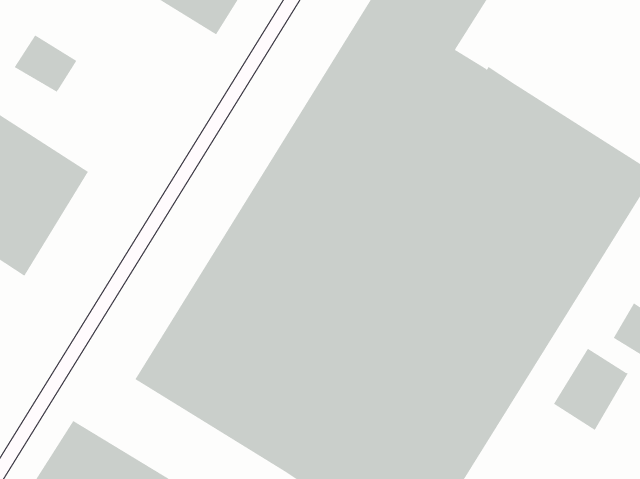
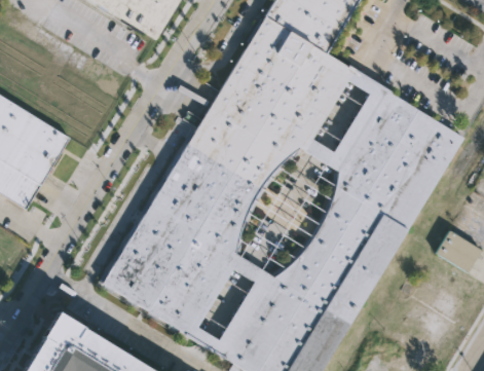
building: [14,34,77,93] -> none
building: [553,348,628,431] -> none

